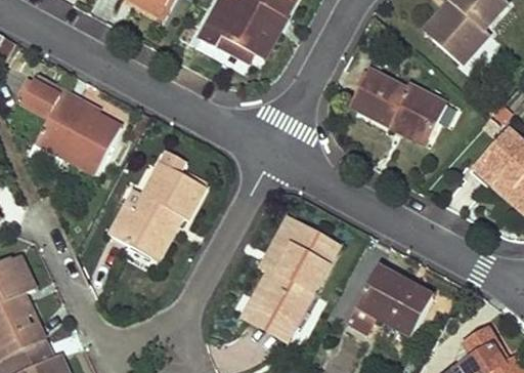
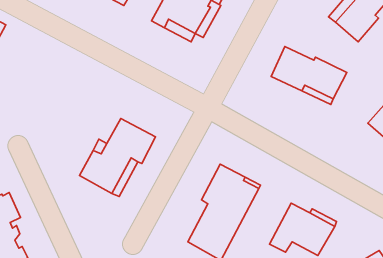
building: [23,77,121,172] -> none

